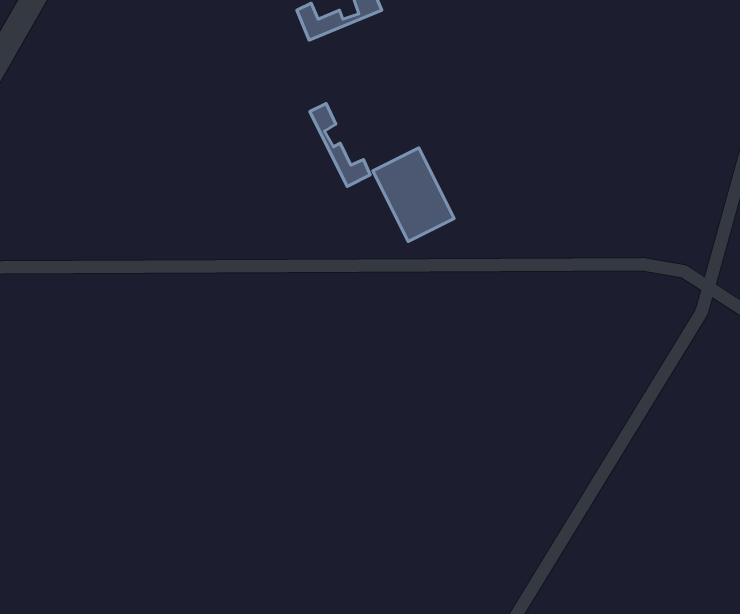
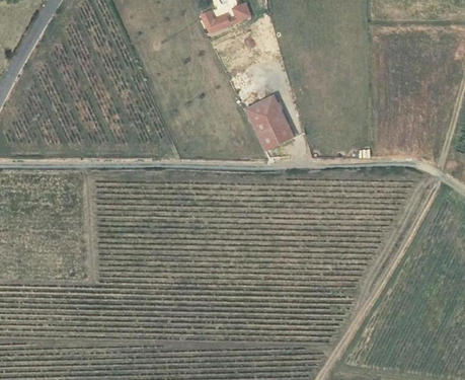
building: [310,104,370,186] -> none

